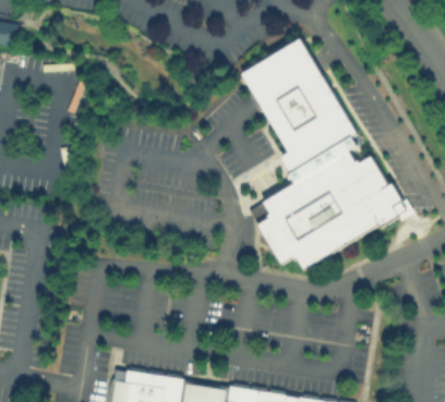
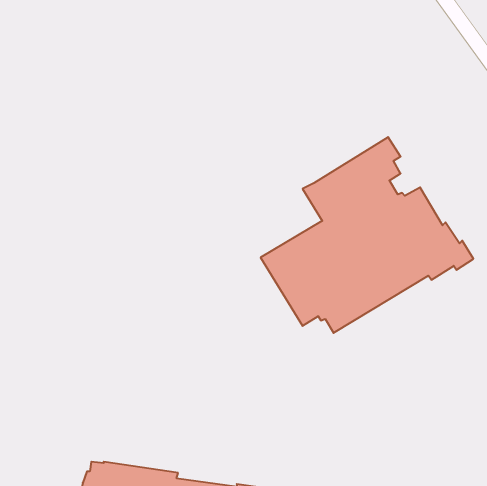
building: [241,37,346,151] -> none

